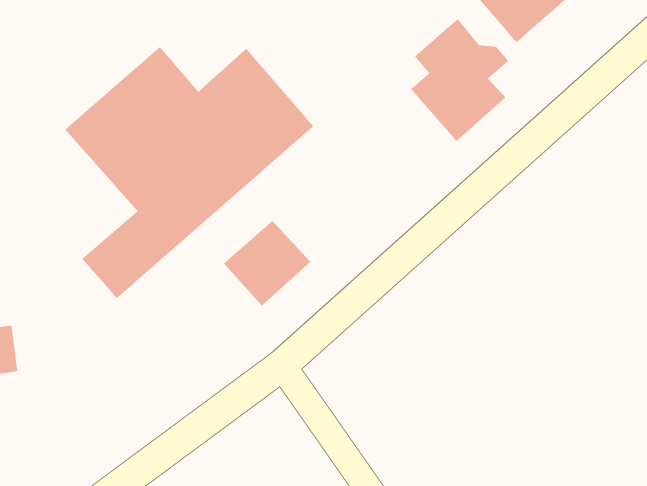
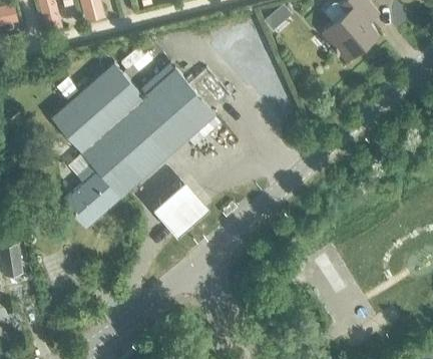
building: [410,18,509,142] -> none

